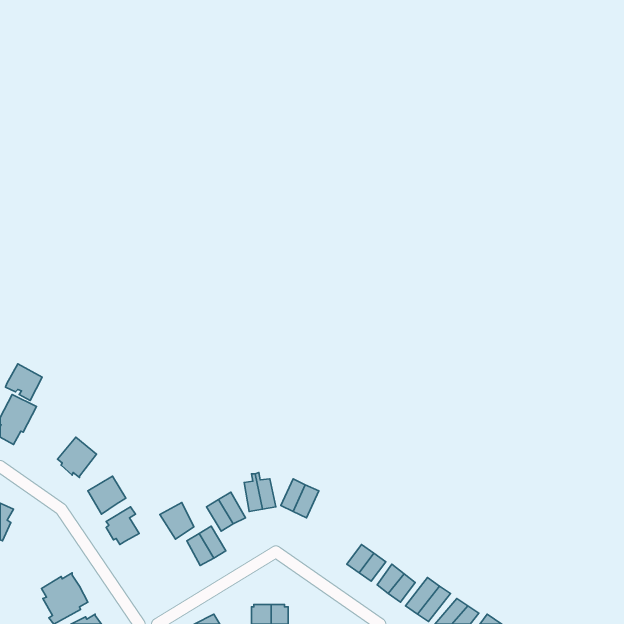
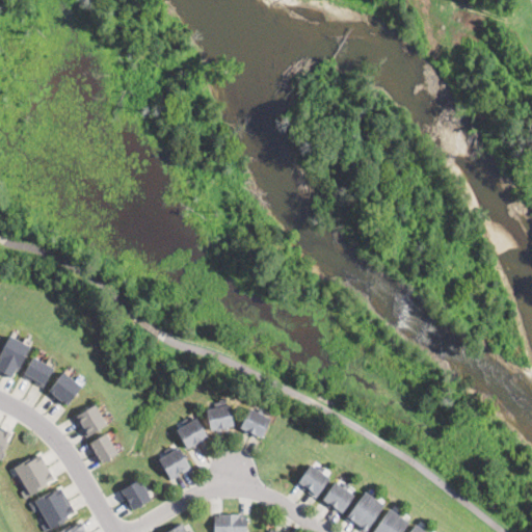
building: [6,364,42,400] -> [23,356,54,388]
building: [160,502,194,539] -> [119,478,149,509]
building: none -> [15,454,54,495]

